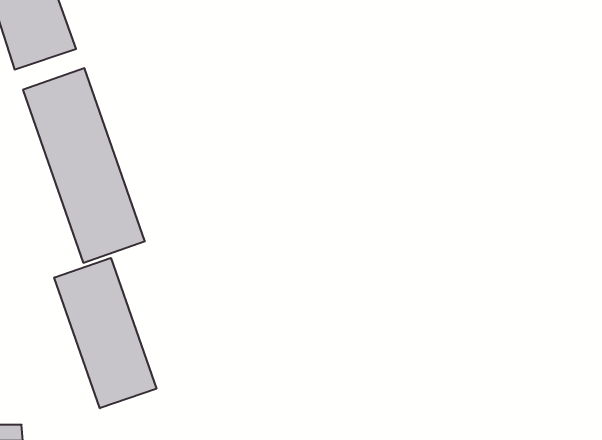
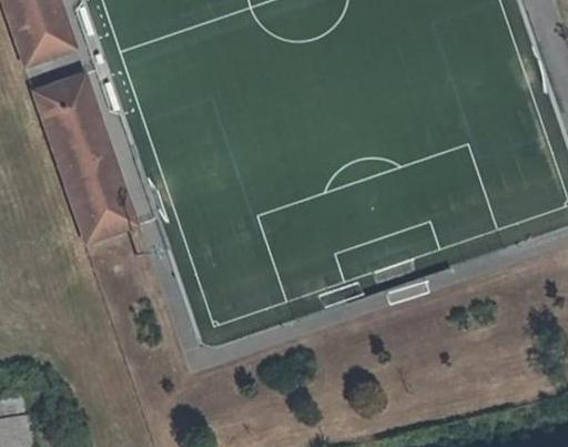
building: [54,258,156,408] -> none

